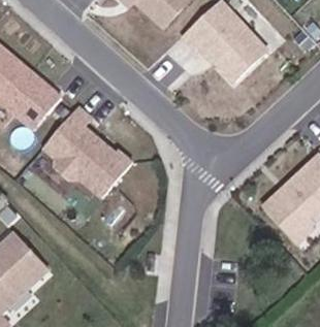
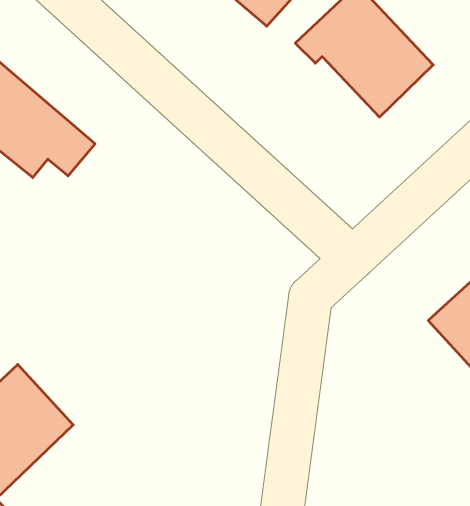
building: [42,108,133,197] -> none

